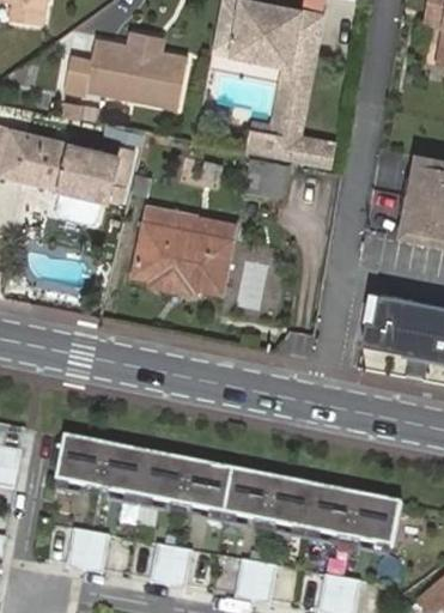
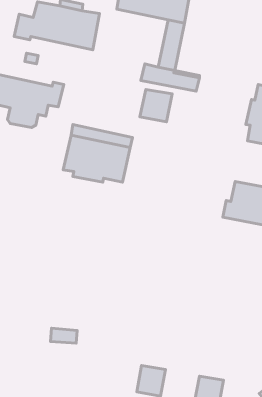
building: [60,436,406,547] -> none
building: [71,528,114,573] -> none
building: [154,544,196,588] -> none

